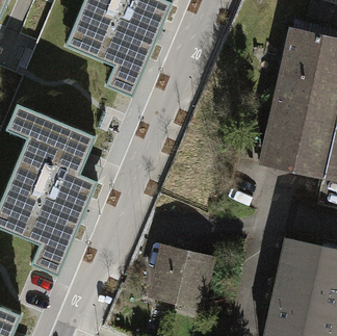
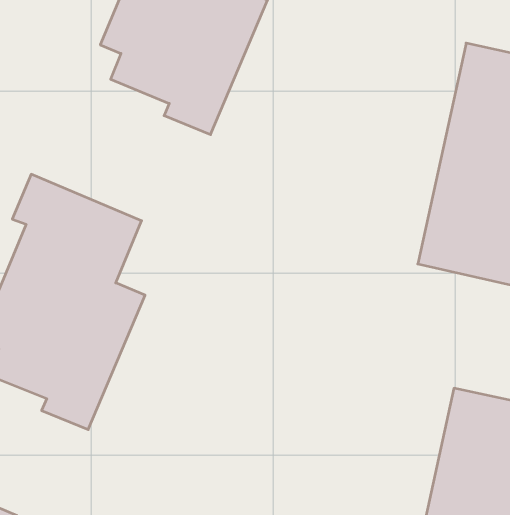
building: [155,252,206,302] -> none

